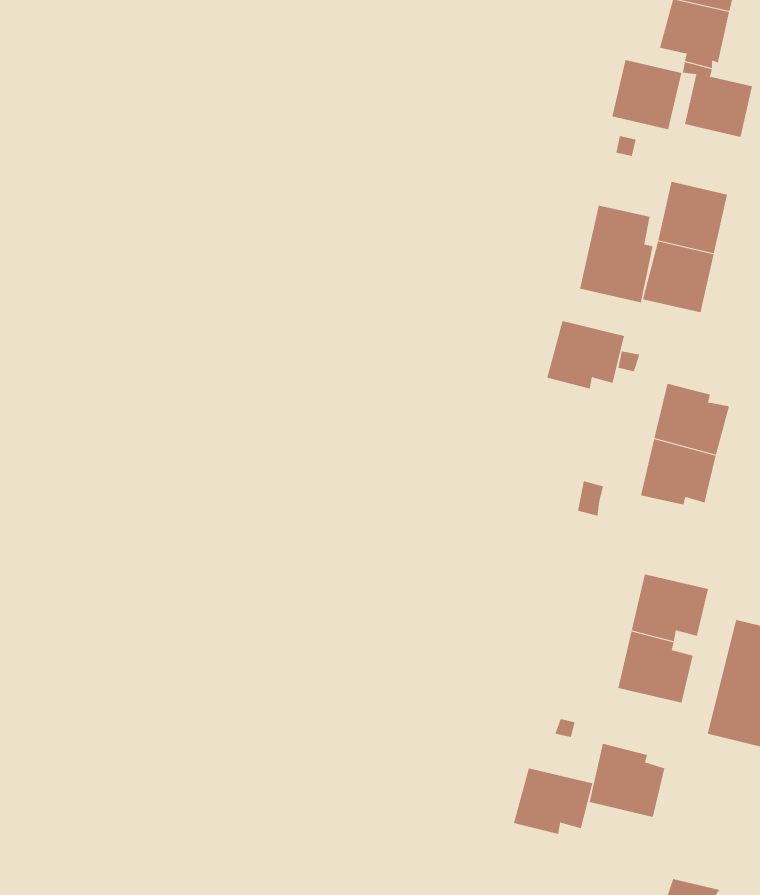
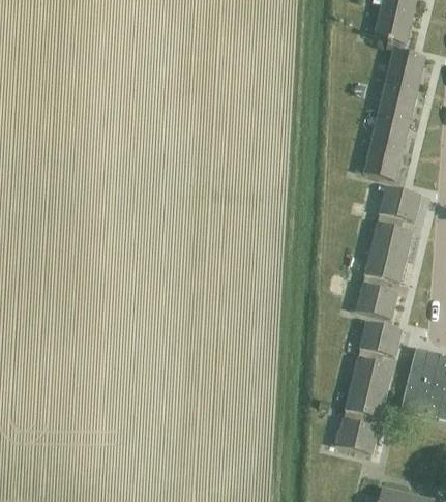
building: [612,59,682,130] -> [381,77,419,115]
building: [580,205,653,303] -> none
building: [547,321,625,389] -> [379,186,421,224]
building: none -> [356,278,397,318]
building: [513,768,593,834] -> [344,383,387,419]

